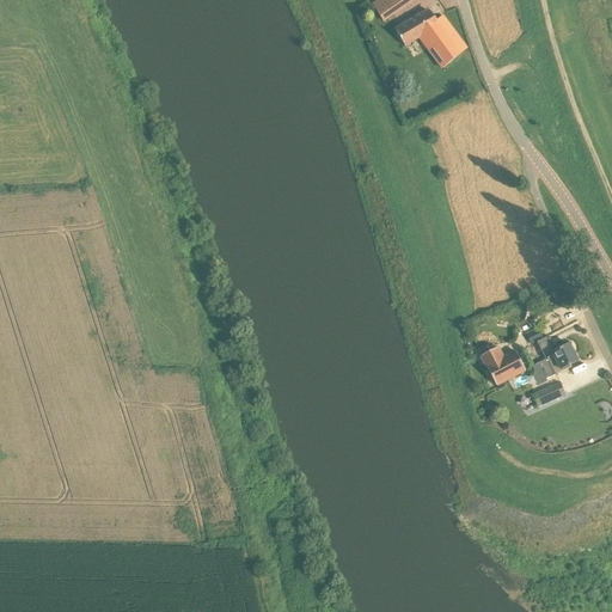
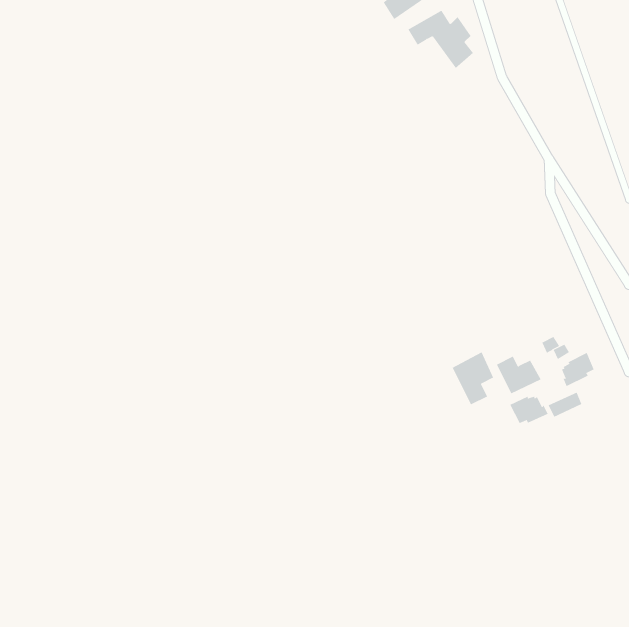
building: none -> [452,352,494,405]
building: none -> [510,396,549,424]

